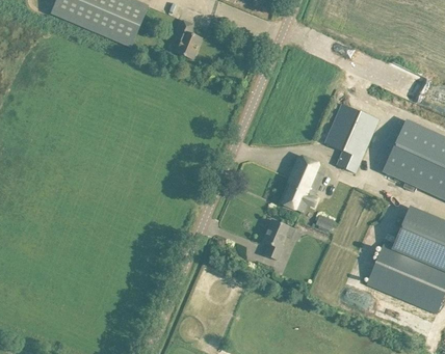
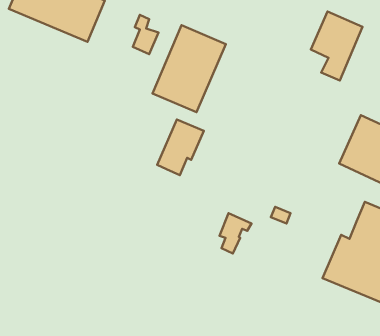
building: none -> [152,25,226,112]
building: [325,104,377,173] -> [311,11,362,81]
building: [280,157,326,213] -> [157,119,204,175]

